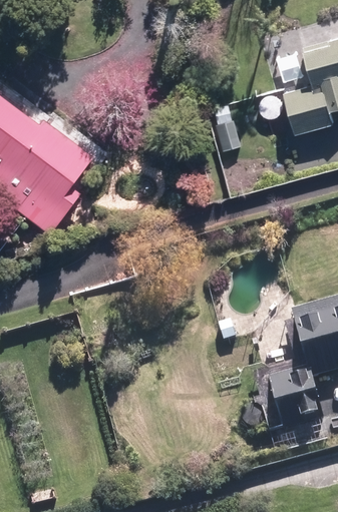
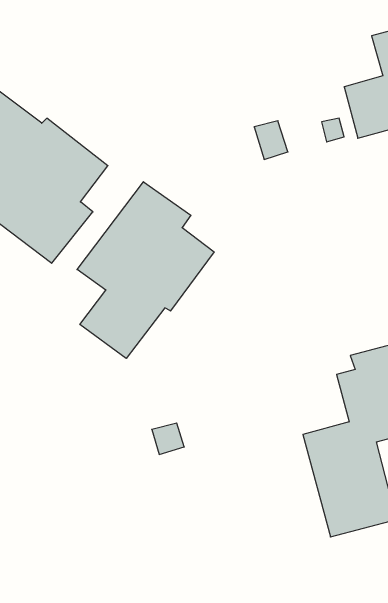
building: none -> [77,182,214,358]

